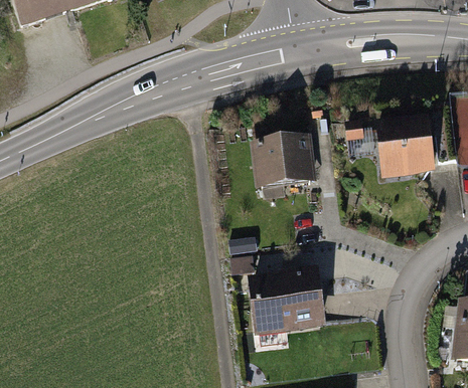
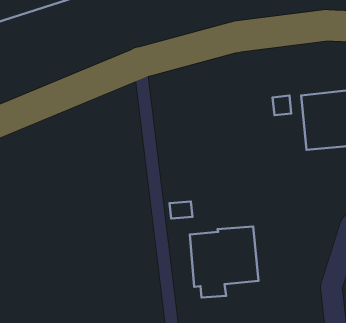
building: [250,132,318,198] -> none

